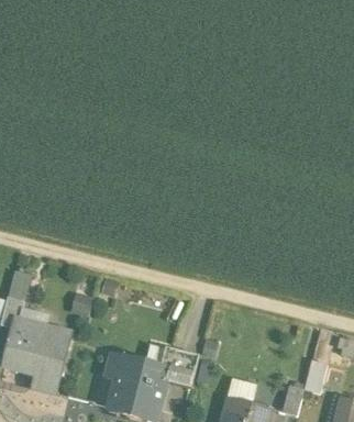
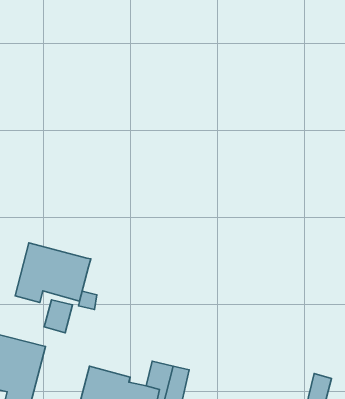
building: none -> [15,243,91,303]

